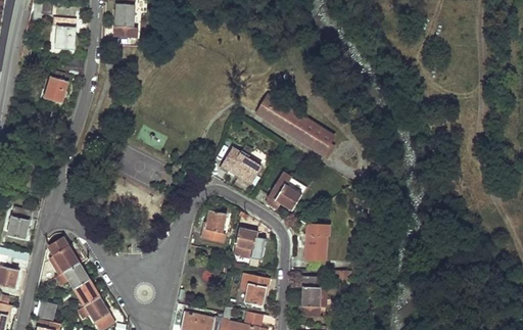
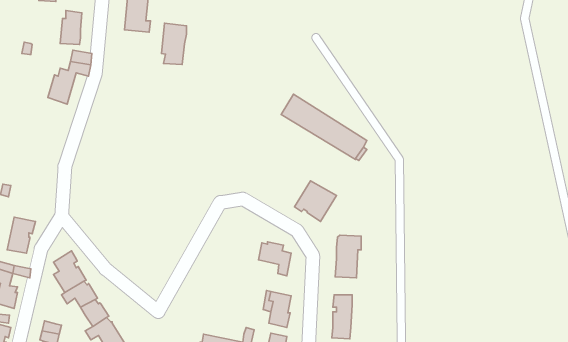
building: none -> [162,23,187,64]
building: [219,147,260,185] -> none
building: [201,210,226,242] -> none

